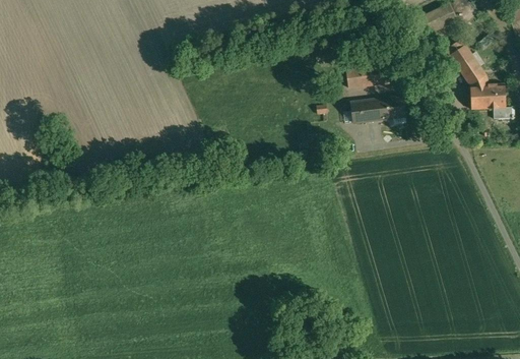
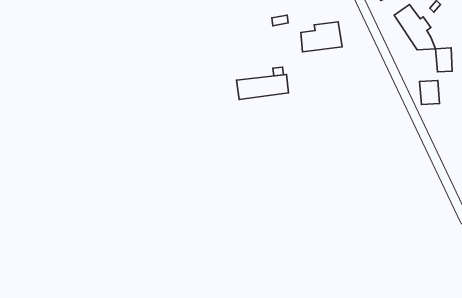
building: [469,85,491,111] -> [419,80,440,105]
building: [350,97,405,123] -> [236,75,288,100]

